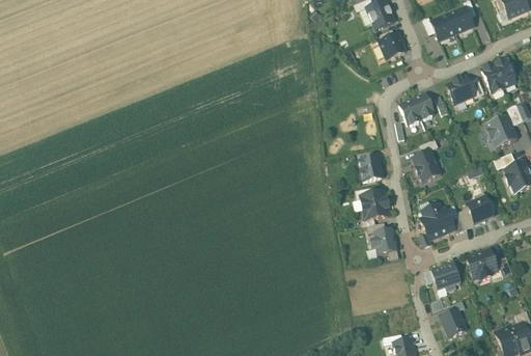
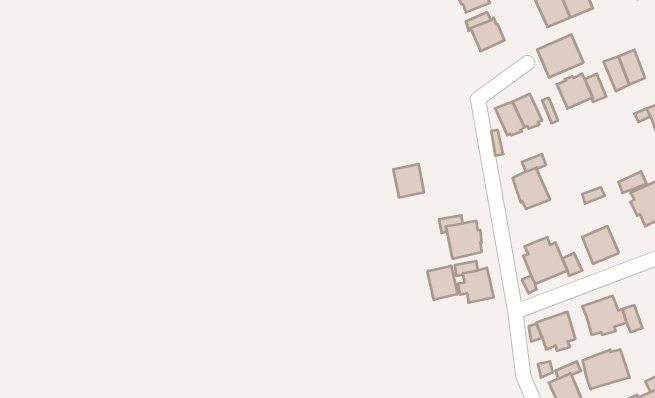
building: none -> [537,34,583,78]
building: [484,114,516,146] -> none
building: [359,155,383,181] -> [393,164,424,197]
building: none -> [428,266,457,300]
building: none -> [583,349,630,389]

